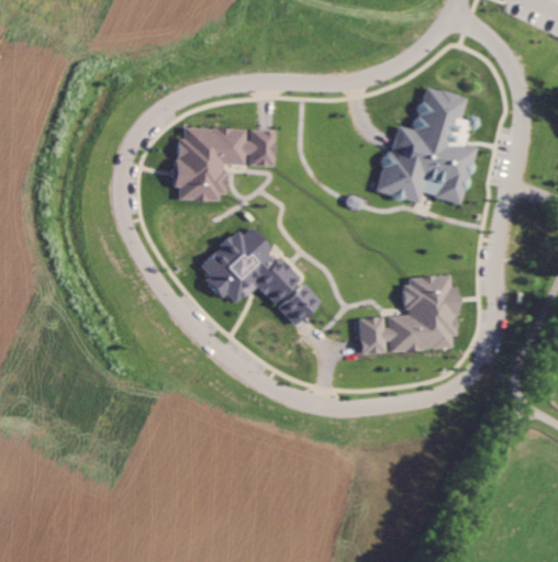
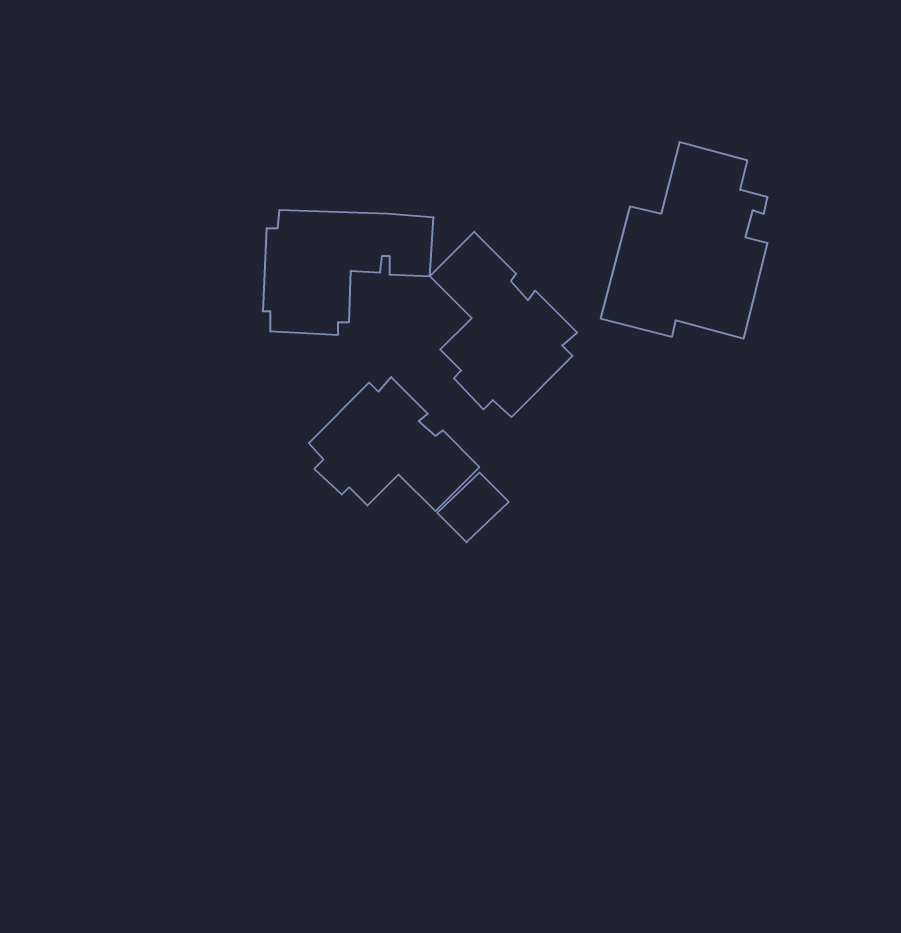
building: none -> [430,232,577,417]
building: [357,276,459,353] -> none

